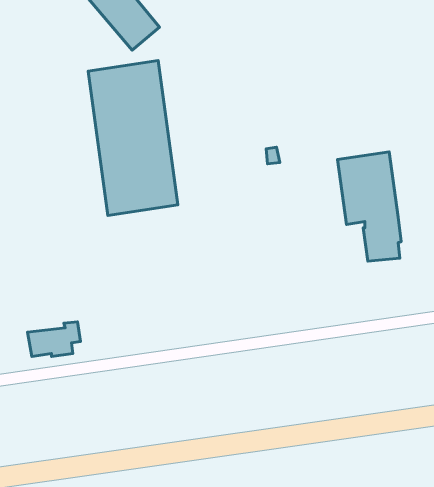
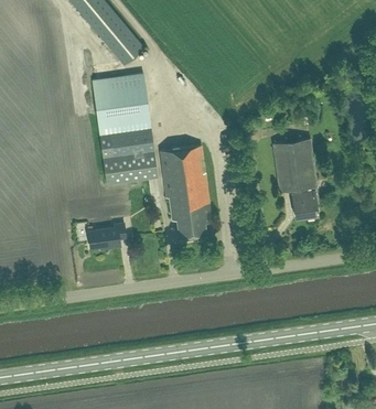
building: none -> [159,146,212,238]
building: [27,322,81,357] -> [87,224,126,249]

